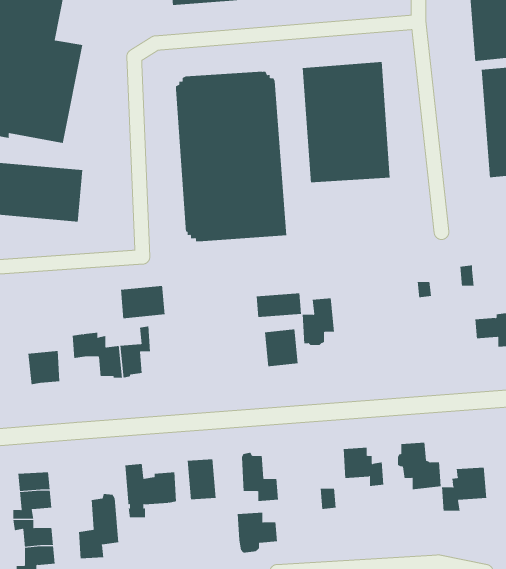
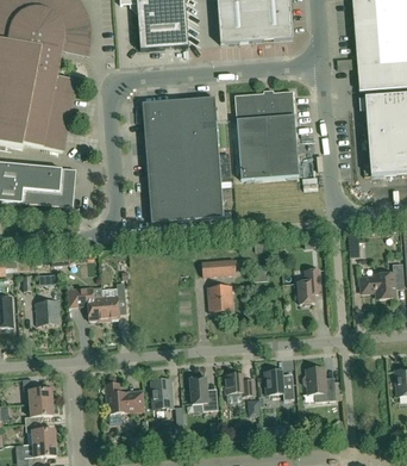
building: [120,285,165,319] -> none
building: [302,298,335,345] -> [298,269,321,304]
building: [442,467,487,511] -> none
building: [79,493,119,559] -> none
building: [237,512,278,553] -> [225,373,255,403]

